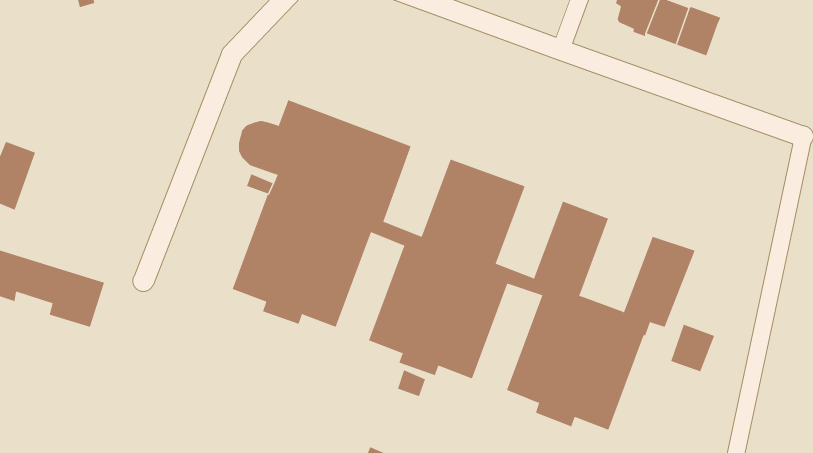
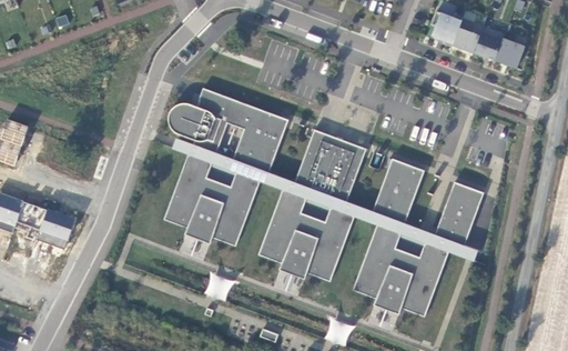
building: none -> [491,33,523,67]
building: [670,324,715,372] -> none

